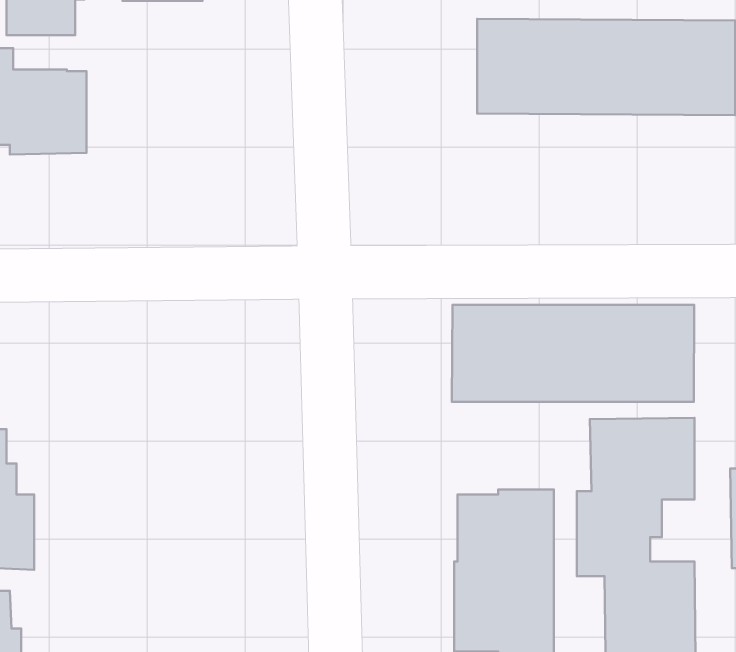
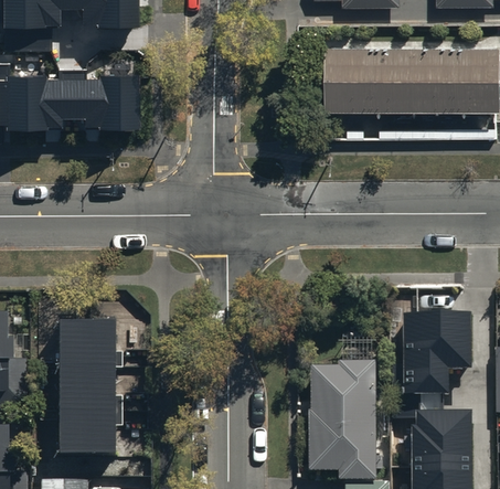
building: none -> [61,71,139,134]
building: [452,305,694,402] -> none
building: none -> [54,327,119,463]

